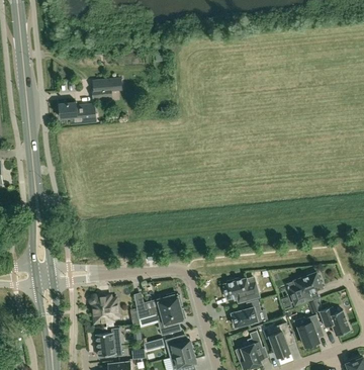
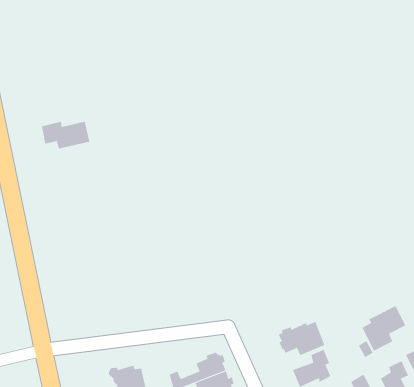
building: [91,77,120,100] -> none

